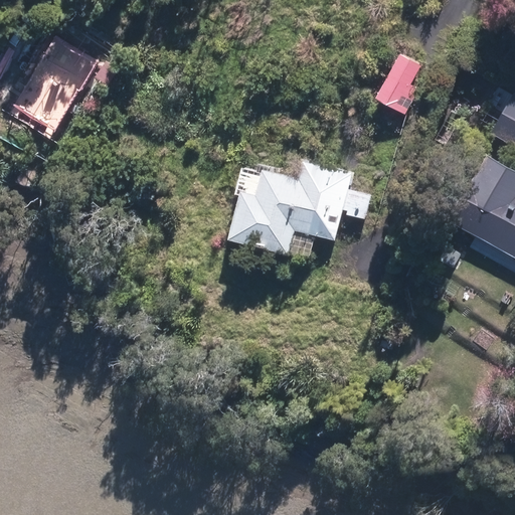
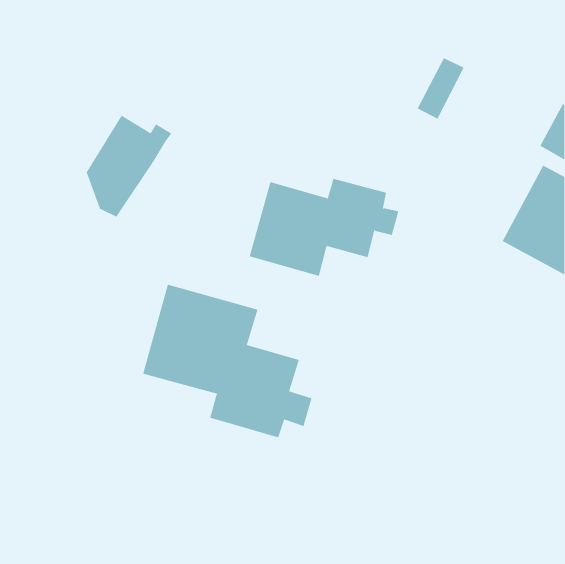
building: [18,48,97,142] -> [86,115,172,218]
building: none -> [142,284,312,438]

